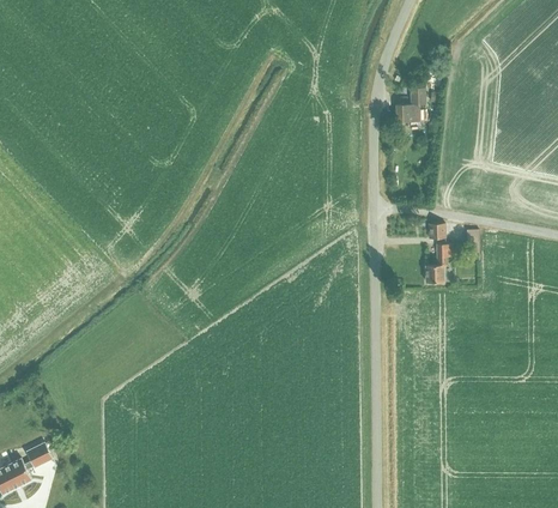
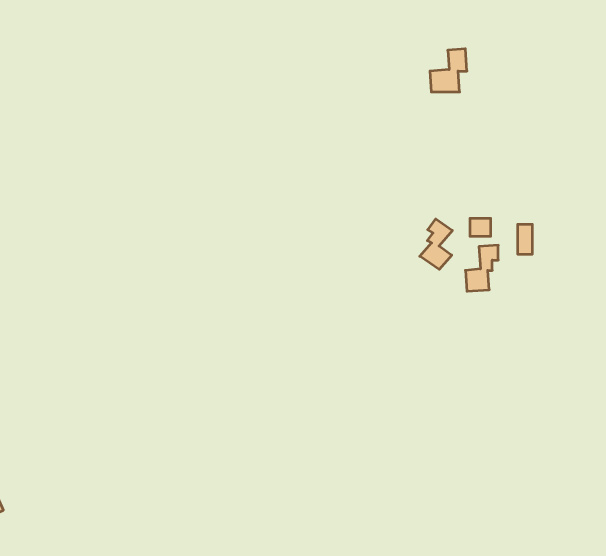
building: none -> [420,219,452,269]

